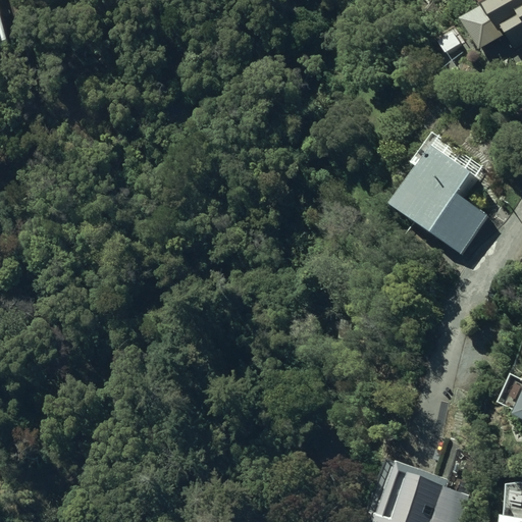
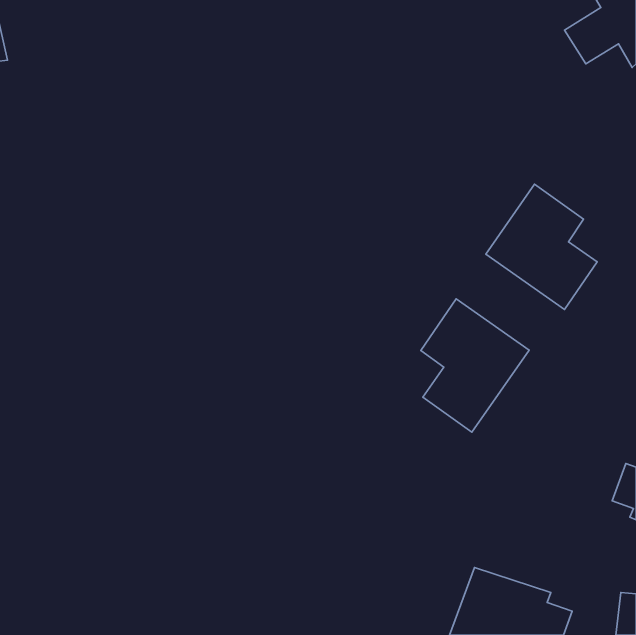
building: none -> [421,299,529,432]

